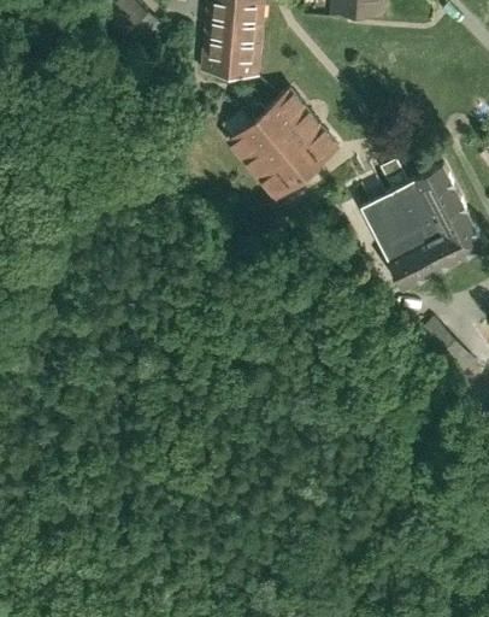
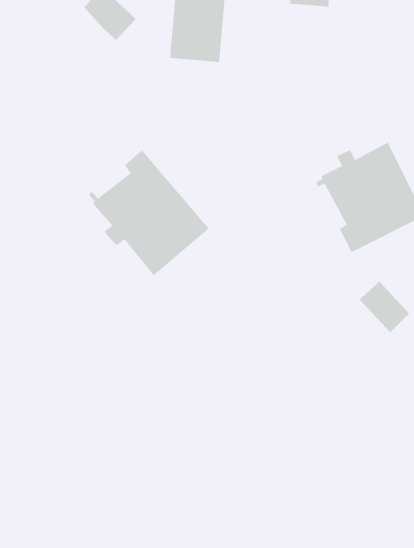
building: [226,88,336,196] -> none
building: none -> [88,150,209,276]

